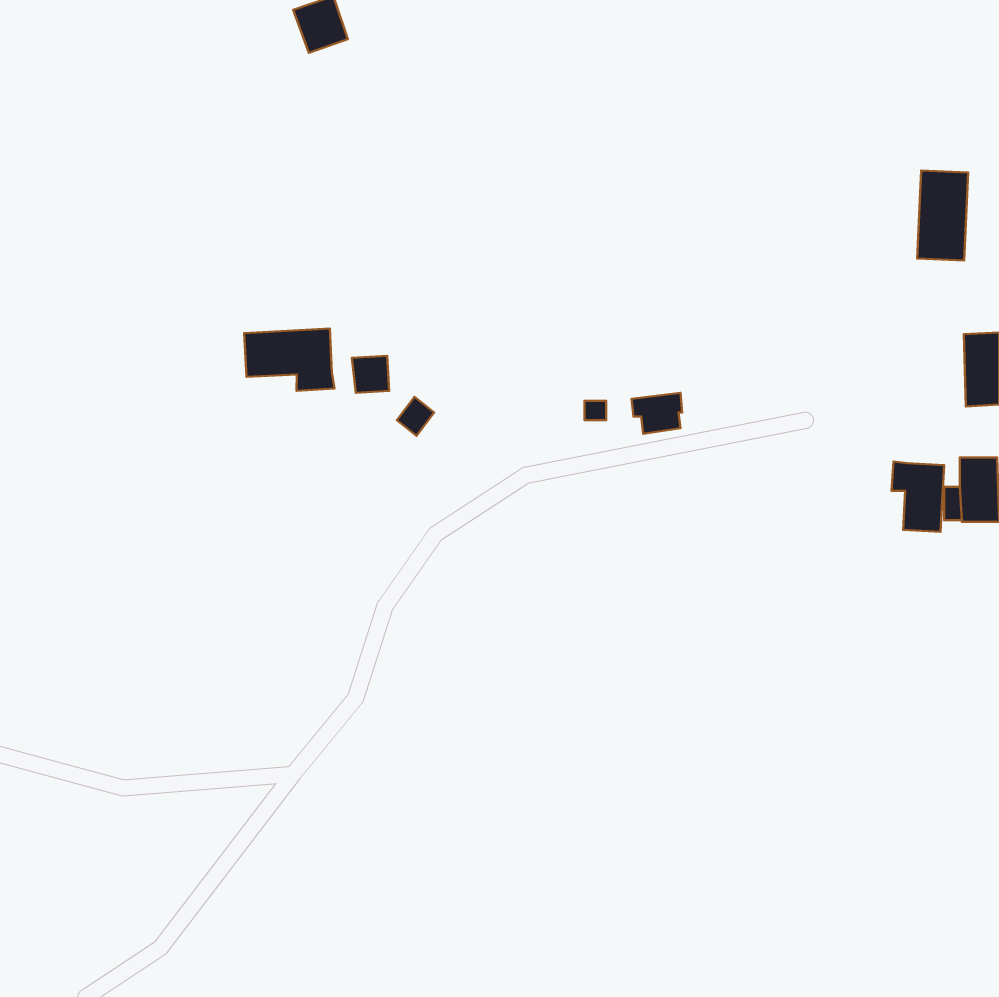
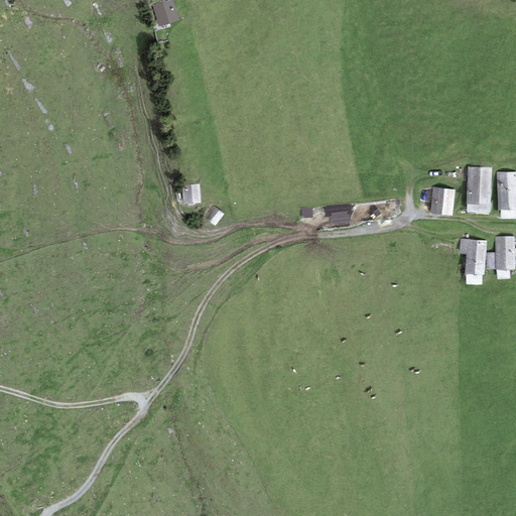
building: [917,170,968,260] -> [466,165,492,212]
building: [244,328,334,391] -> none
building: none -> [430,186,456,215]

